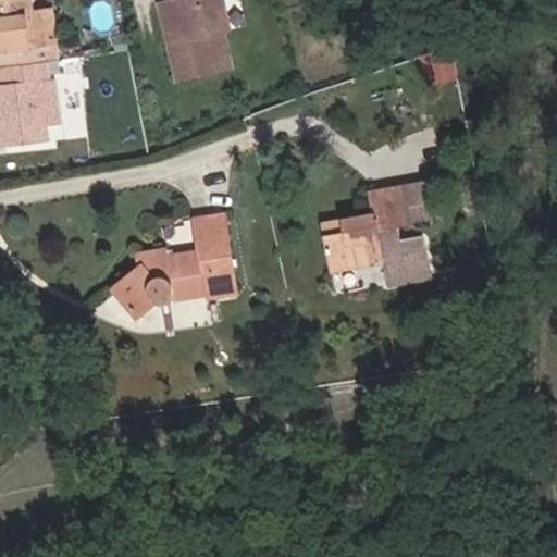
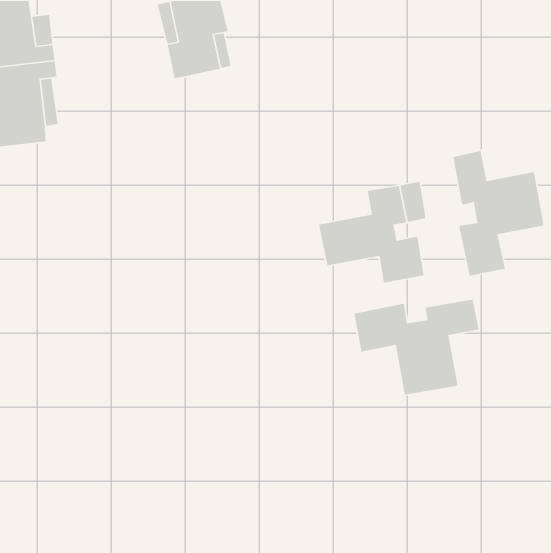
building: none -> [452,150,545,277]
building: [114,213,234,317] -> none
building: none -> [354,299,479,395]

